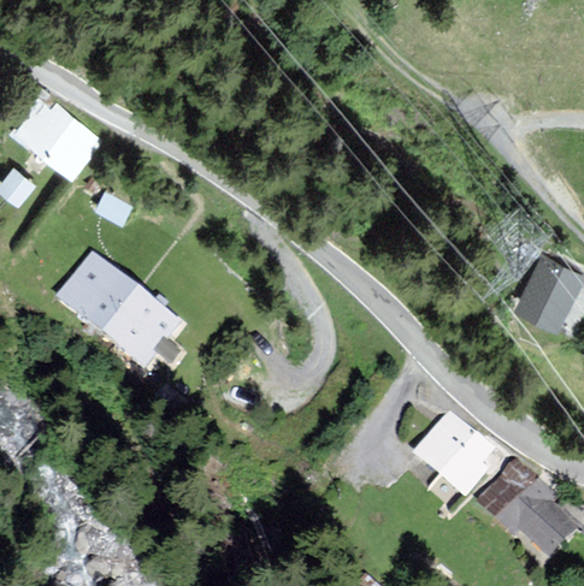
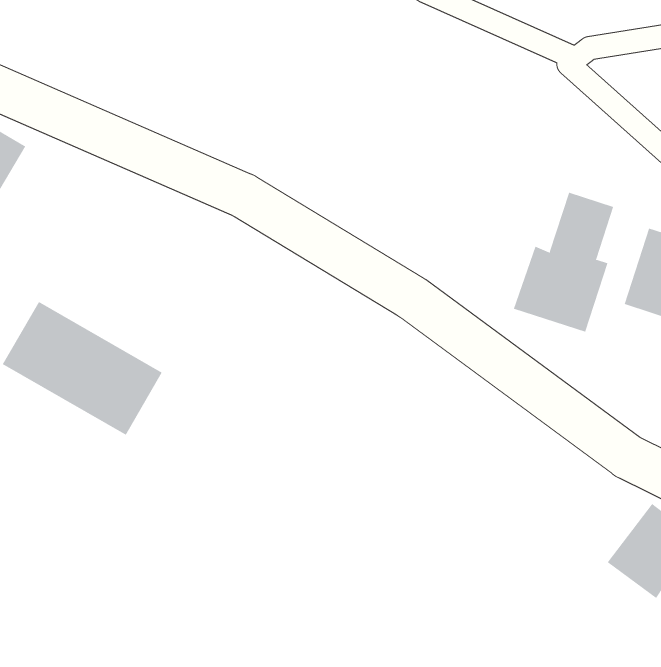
building: none -> [513,192,614,333]
building: [415,413,491,495] -> none

